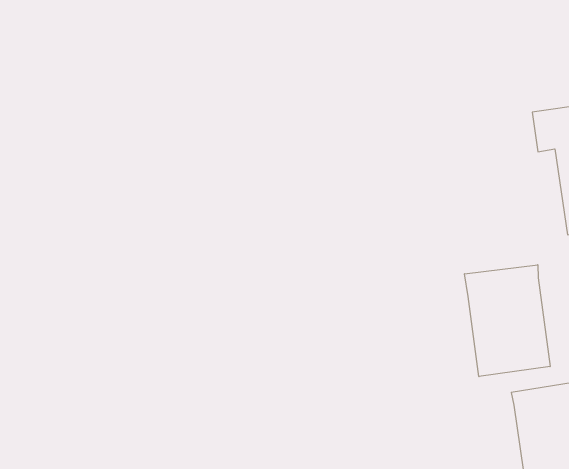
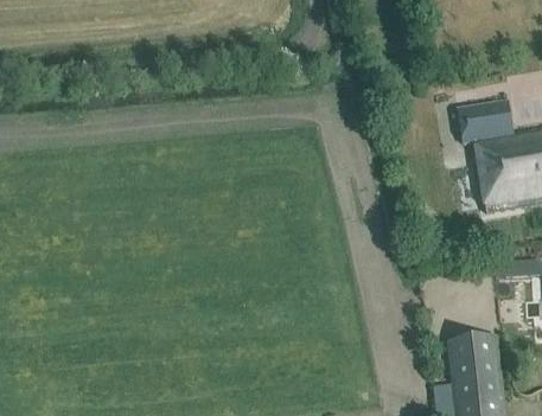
building: [465,265,550,377] -> none

